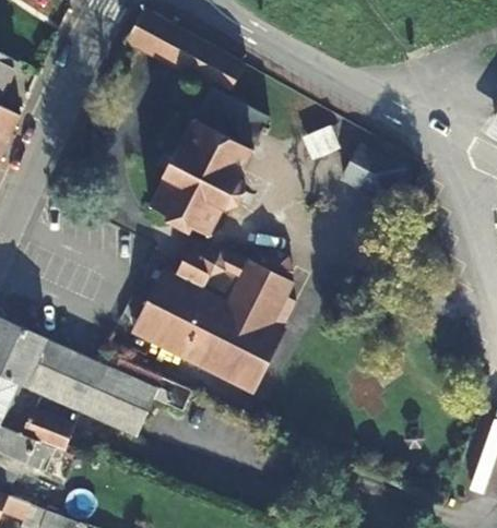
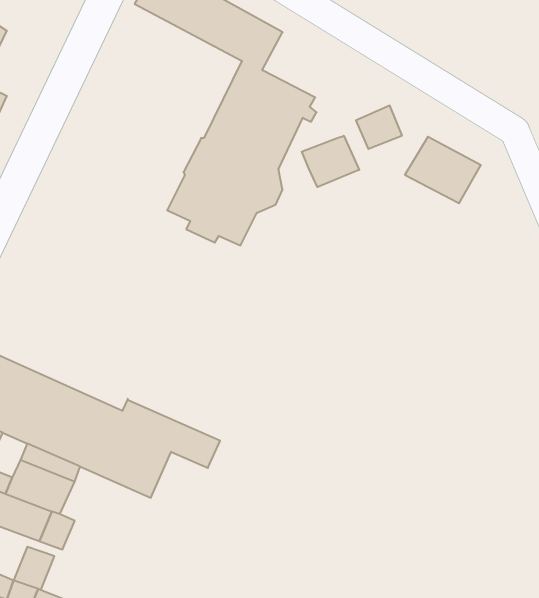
building: none -> [302,136,359,187]
building: [131,248,292,395] -> none

